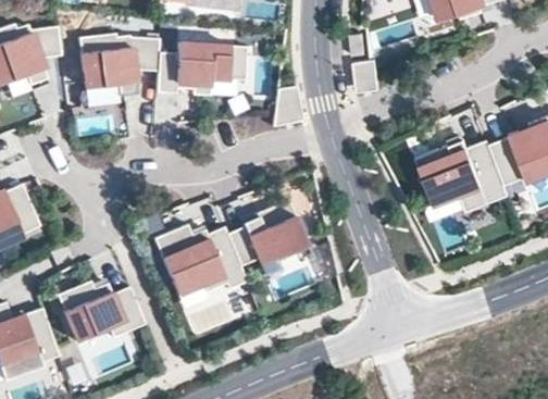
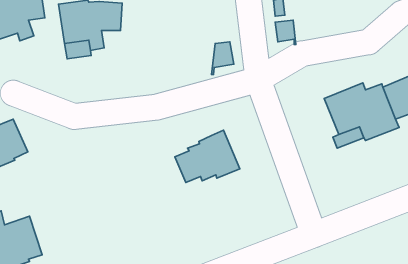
building: [155,41,246,95] -> none
building: [152,224,246,294] -> none
building: [55,279,145,340] -> none

